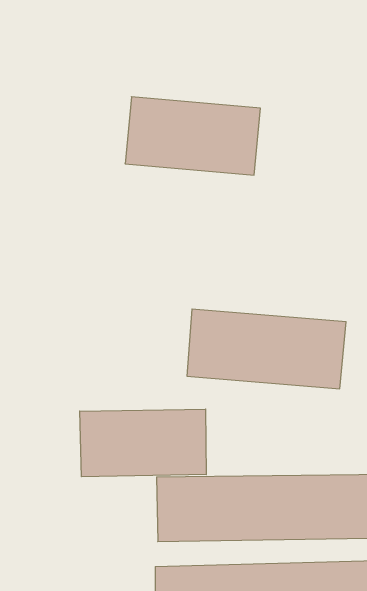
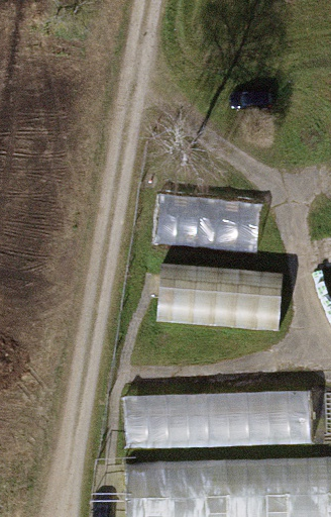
building: [125,97,260,175] -> [152,192,260,254]
building: [80,409,206,477] -> none

